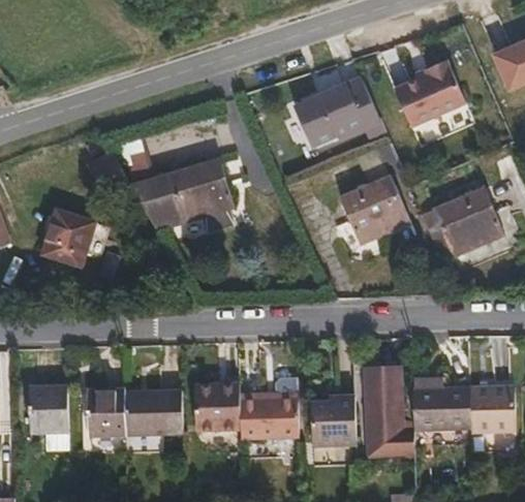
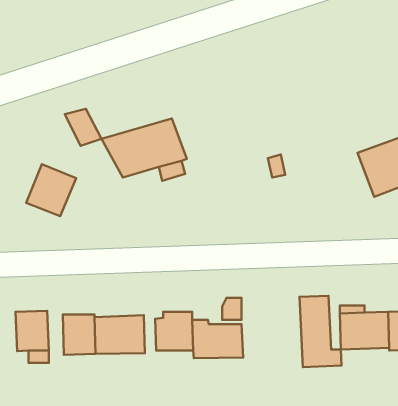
building: [393,62,467,130] -> none
building: [297,71,382,138] -> none
building: [341,172,410,241] -> none
building: [309,397,356,441] -> none

